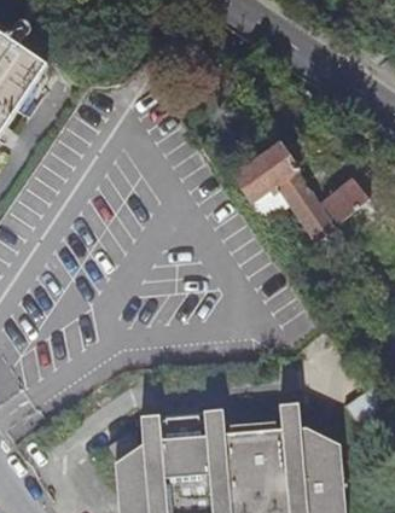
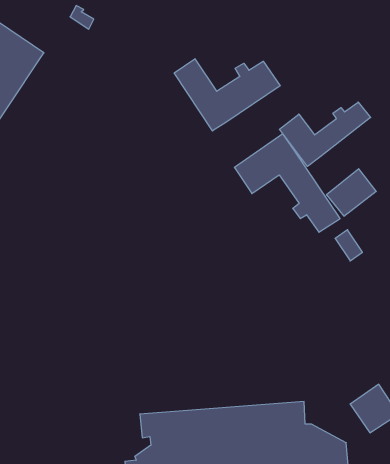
building: none -> [174,59,280,131]
building: none -> [279,102,371,166]

